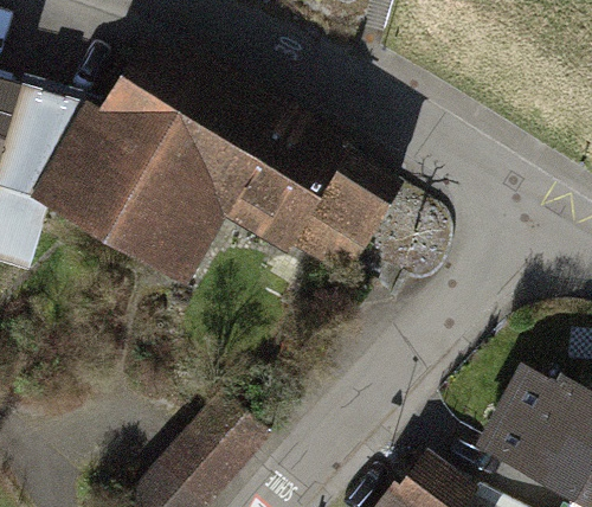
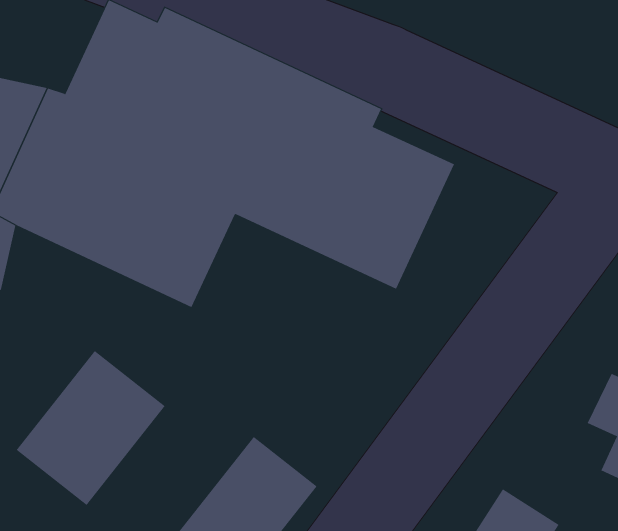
building: none -> [16,350,165,506]

